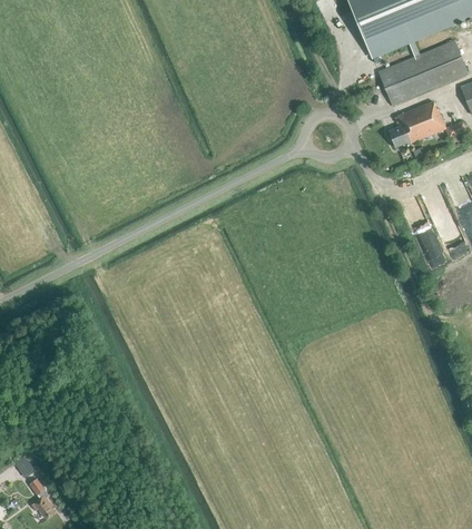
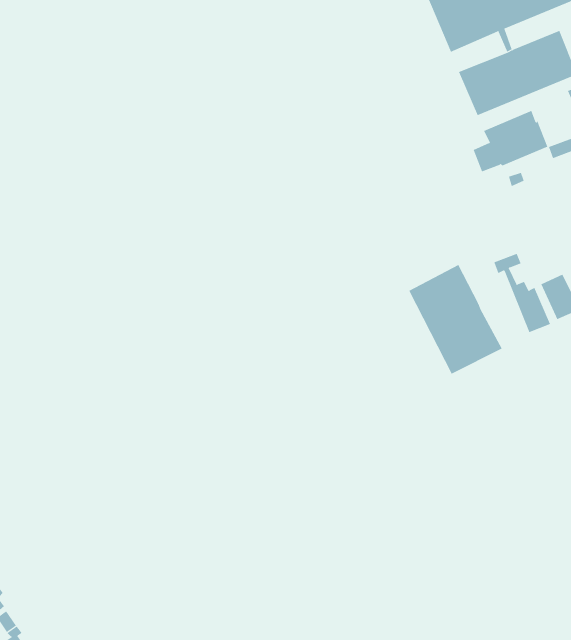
building: none -> [408,264,502,374]

